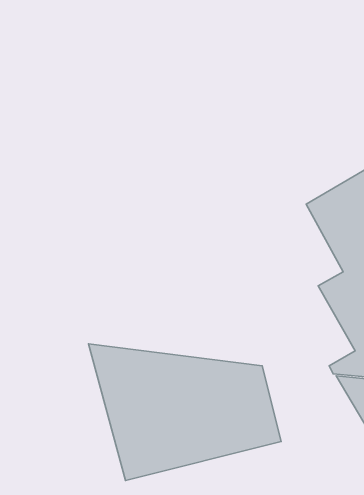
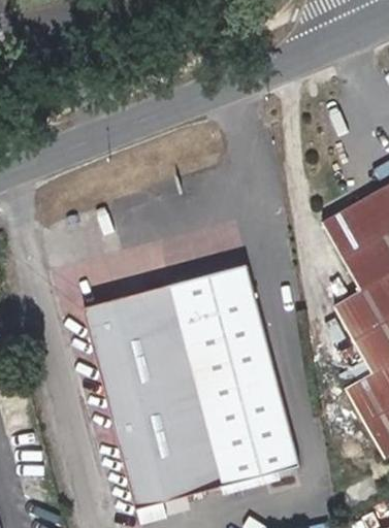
building: none -> [83,265,278,386]

